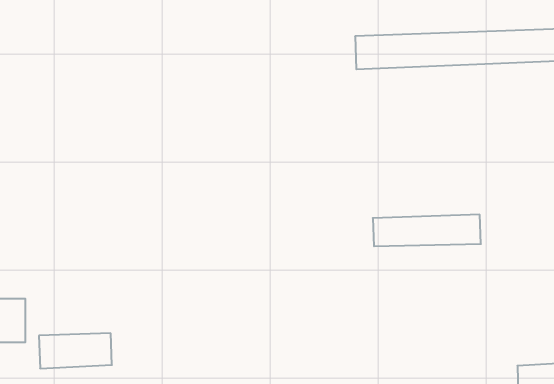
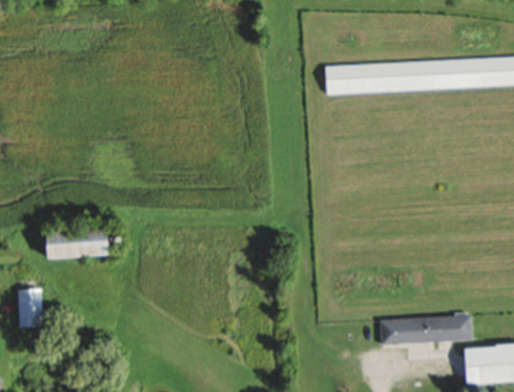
building: [373,215,481,246] -> [381,316,474,344]
building: [39,333,112,368] -> [43,229,106,259]

